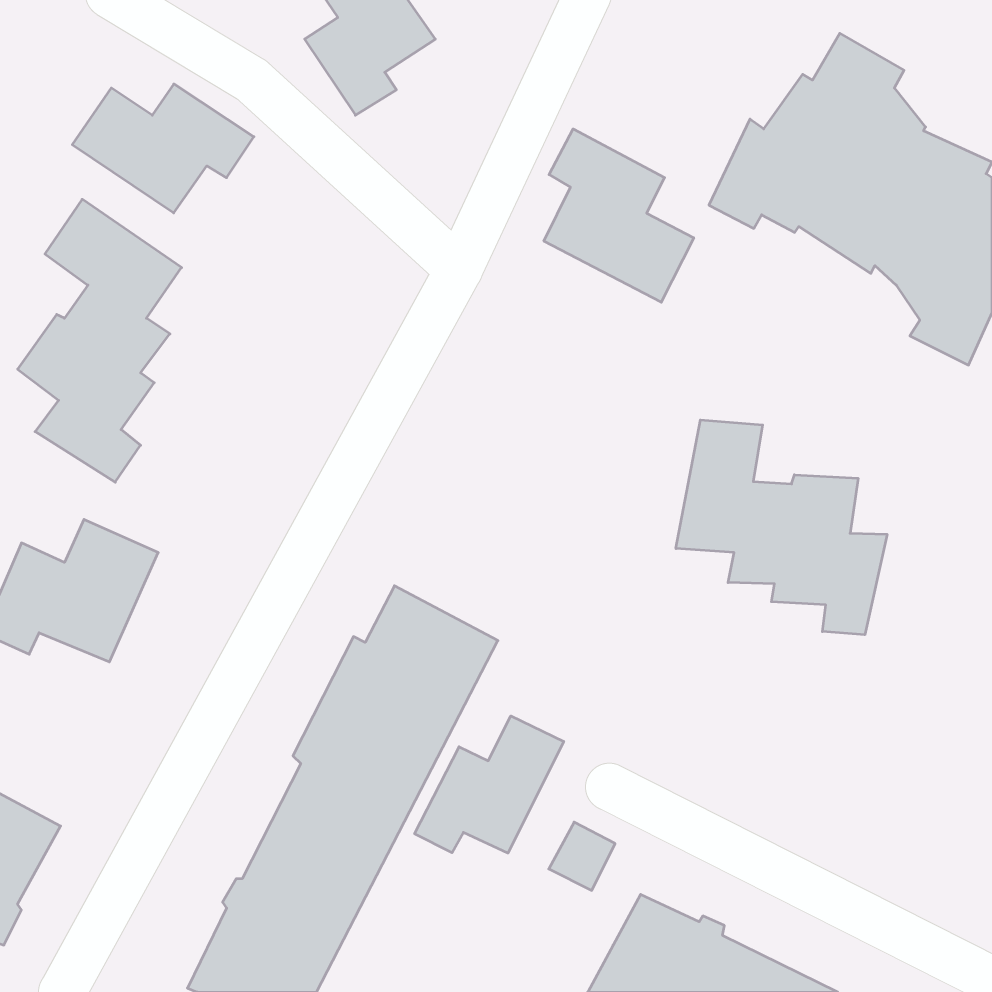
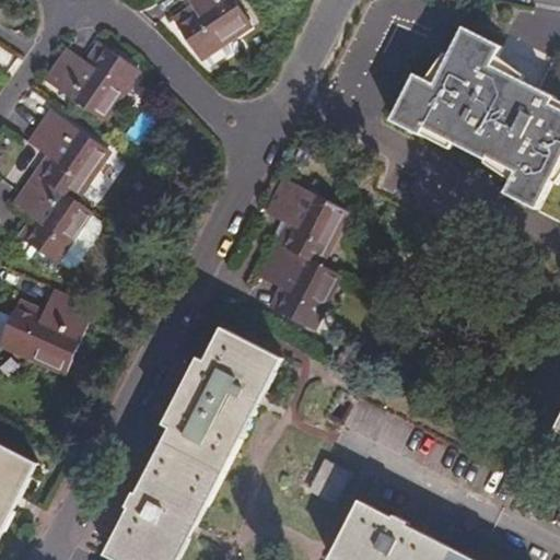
building: [544,129,694,302] -> none
building: none -> [259,177,342,328]
building: [676,420,887,635] -> none
building: [415,716,564,853] -> none

